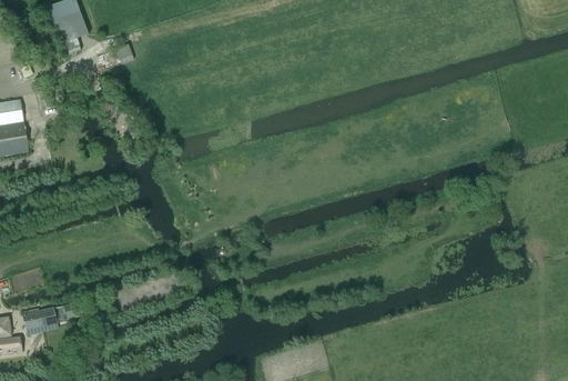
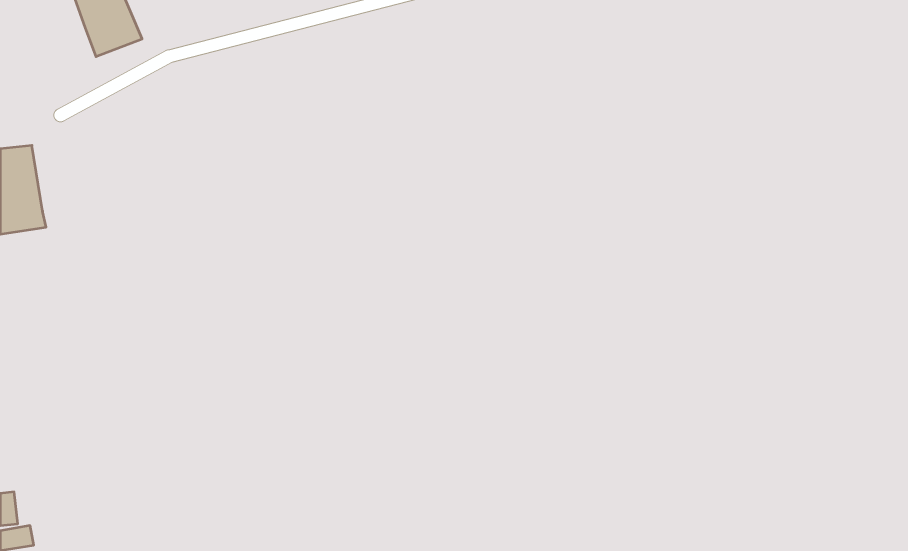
building: [22,303,79,331] -> none

